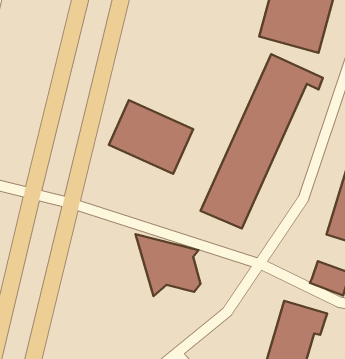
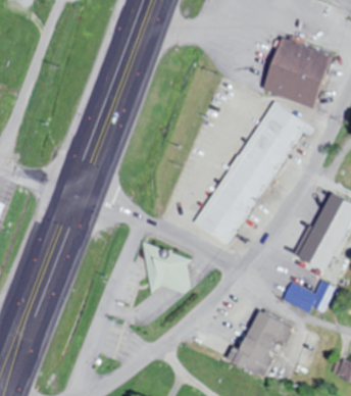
building: [109,100,193,174] -> none

